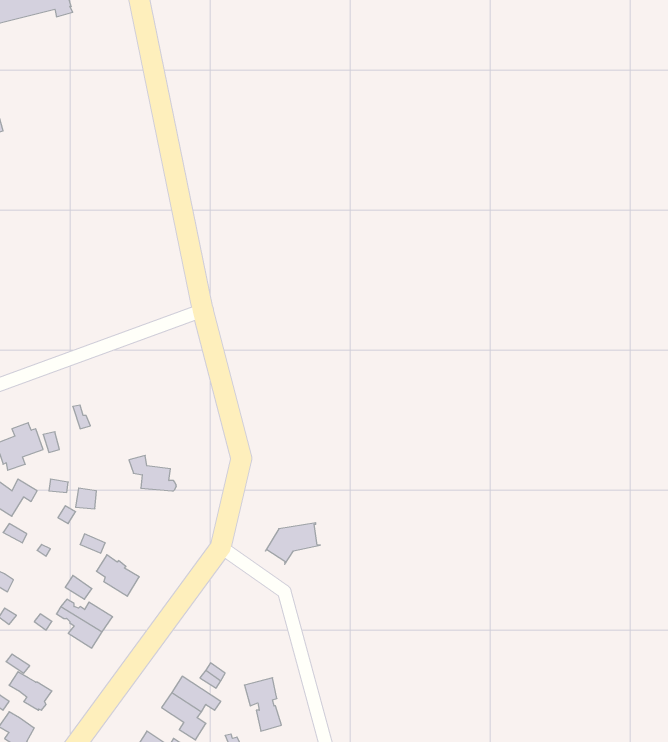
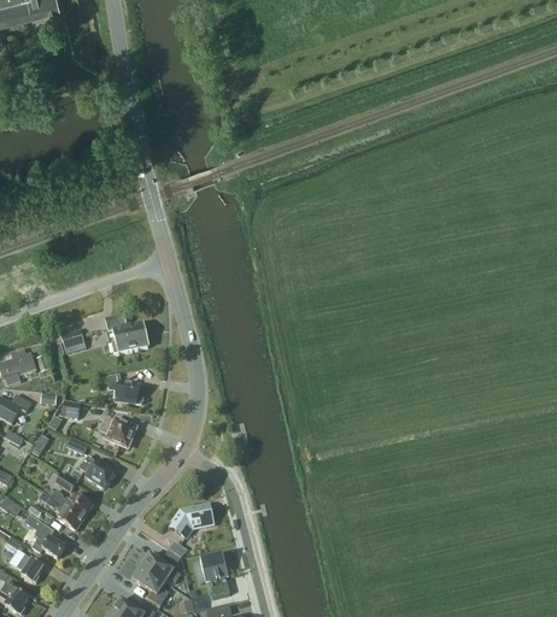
building: none -> [106,313,148,353]
building: none -> [100,417,135,447]
building: [265,523,320,564] -> [169,504,213,537]
building: none -> [24,513,65,558]

